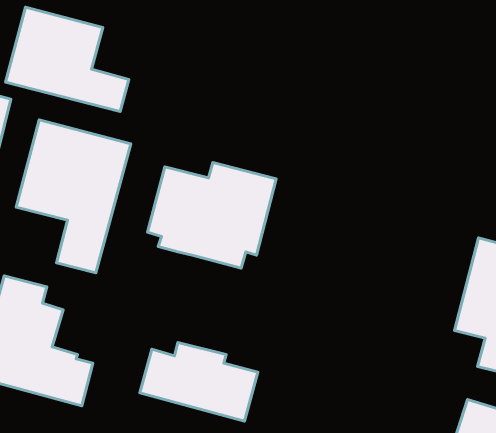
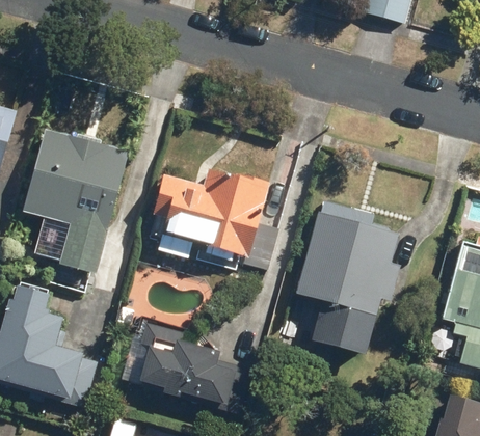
building: [6,7,129,111] -> none
building: none -> [296,211,402,356]

